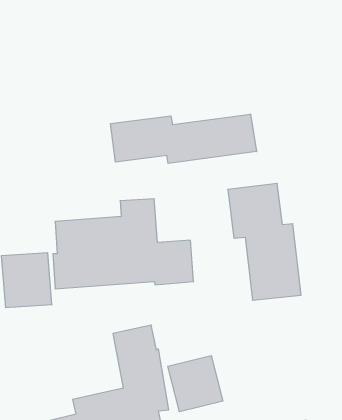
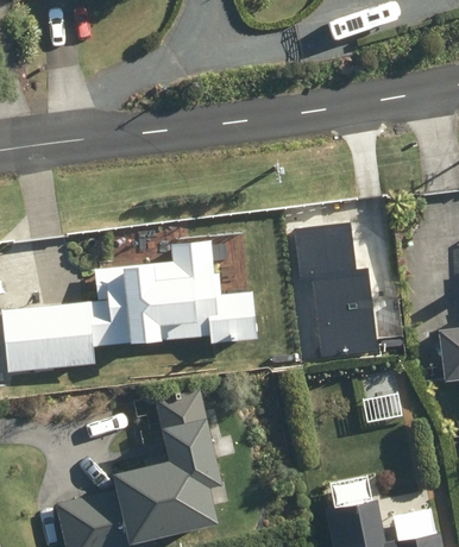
building: [111,114,257,163] -> none
building: [168,356,223,412] -> none

